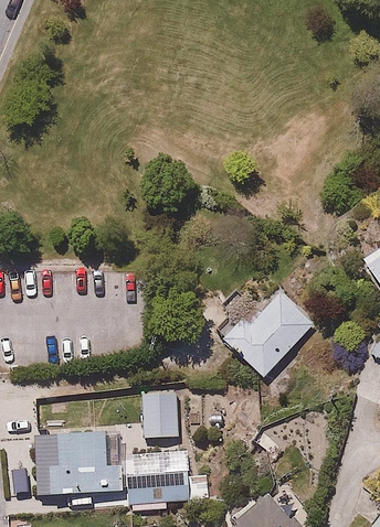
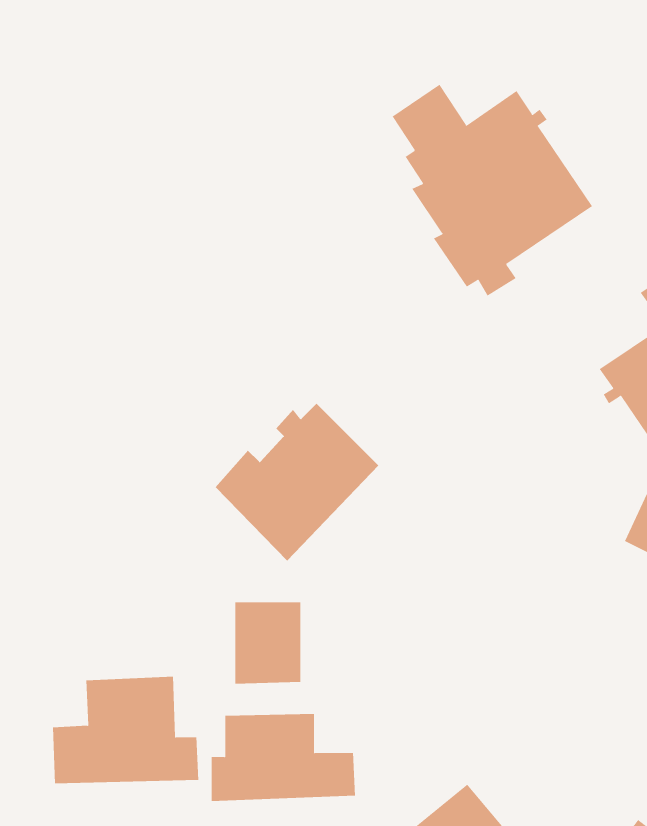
building: none -> [392,84,593,296]
building: [225,291,318,380] -> [215,403,379,561]

